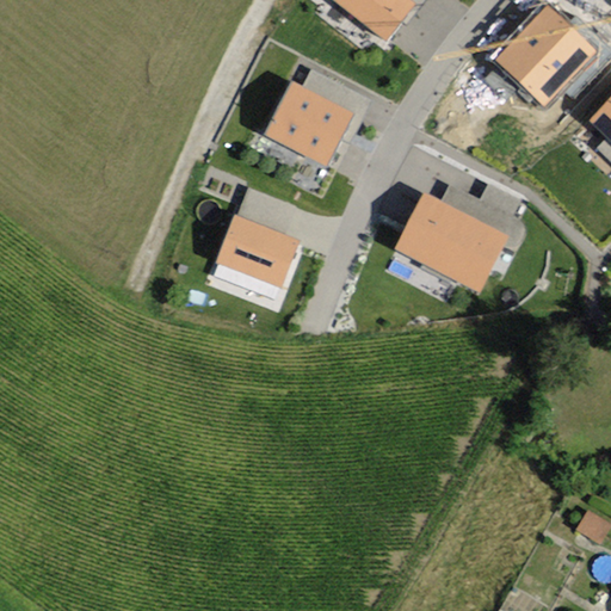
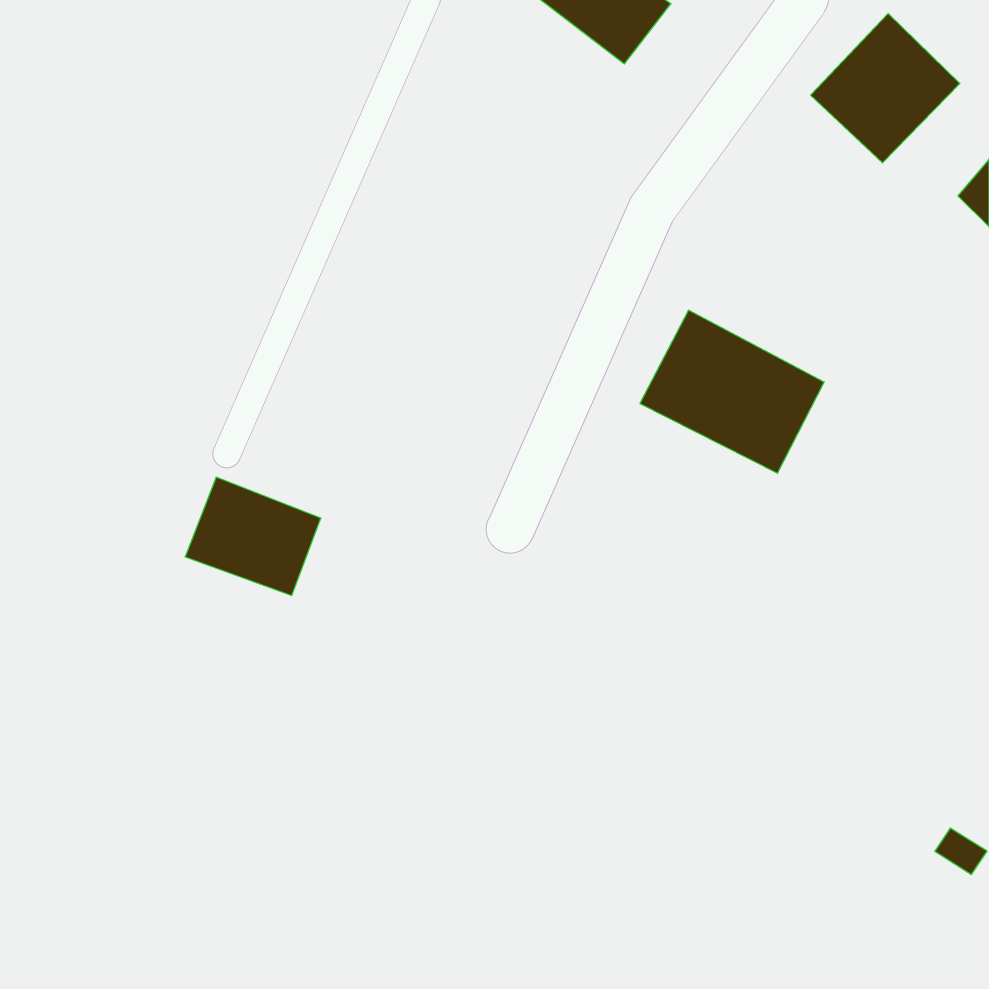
building: [264,81,353,166] -> none
building: [215,215,298,288] -> [185,477,321,596]

